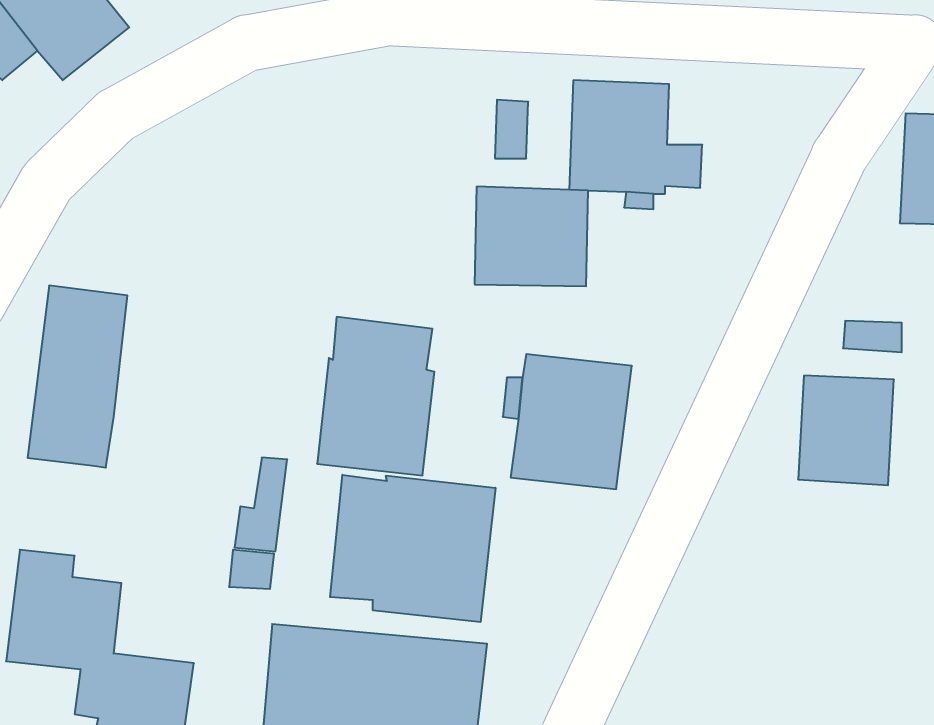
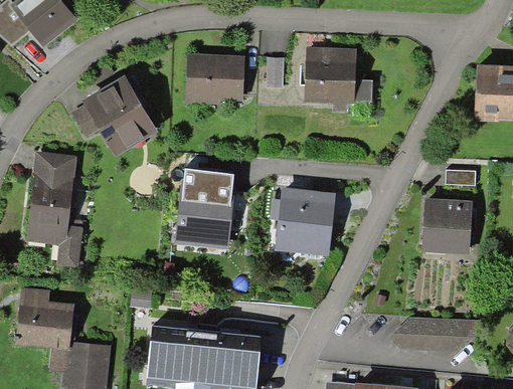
building: none -> [71,71,157,157]
building: [475,187,588,286] -> [185,53,243,105]
building: [234,458,287,551] -> [55,219,82,267]
building: [330,475,495,622] -> none
building: none -> [391,317,478,352]

